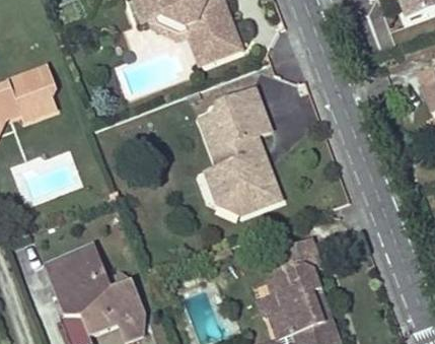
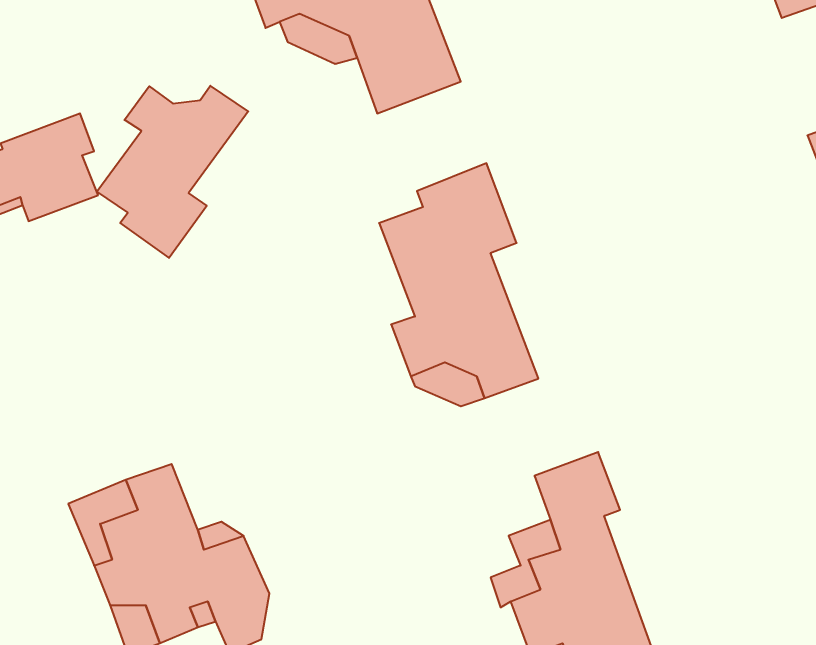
building: none -> [97,86,248,258]

